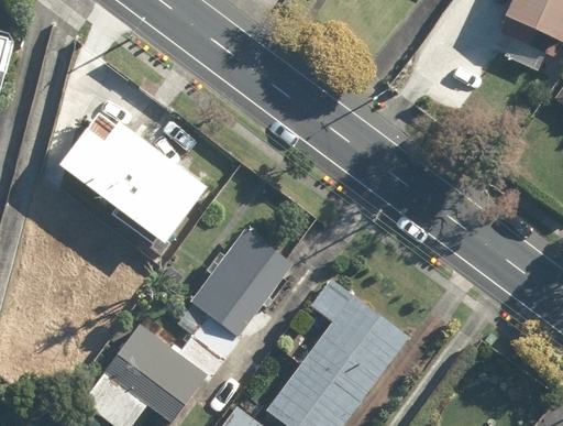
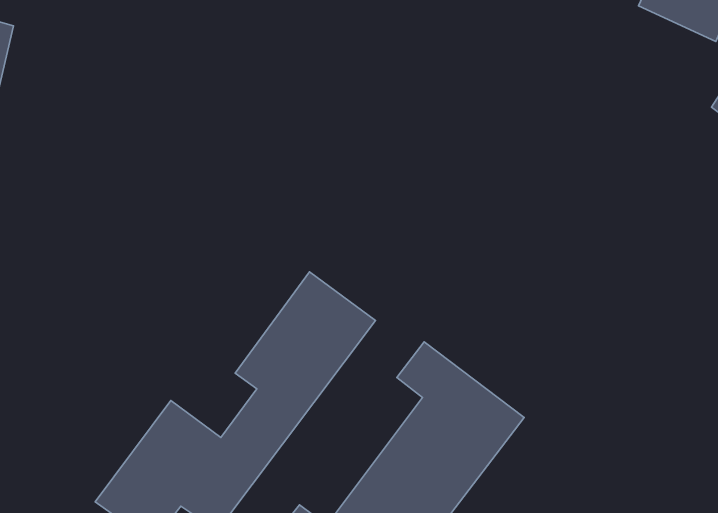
building: [53,108,205,248] -> none

